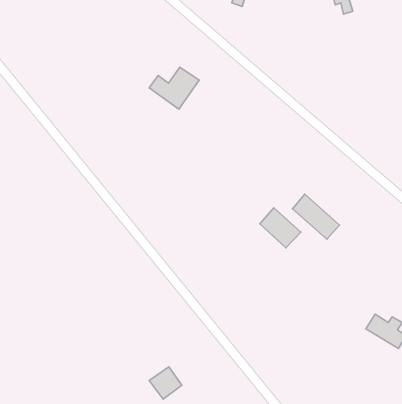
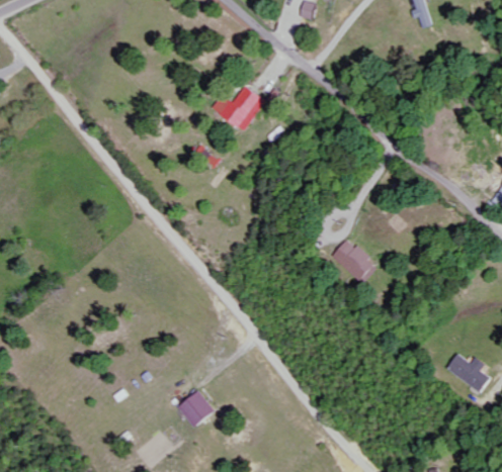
building: [292,194,340,239] -> none
building: [149,367,182,399] -> [178,391,214,427]

